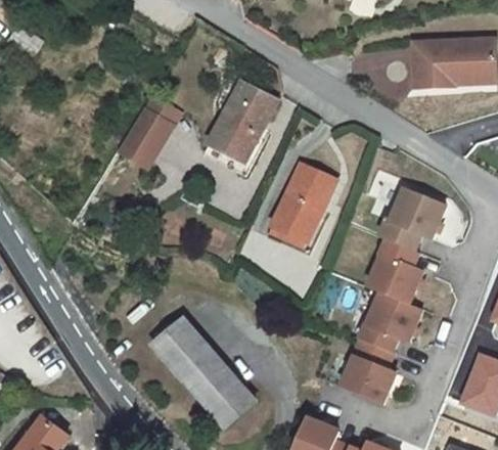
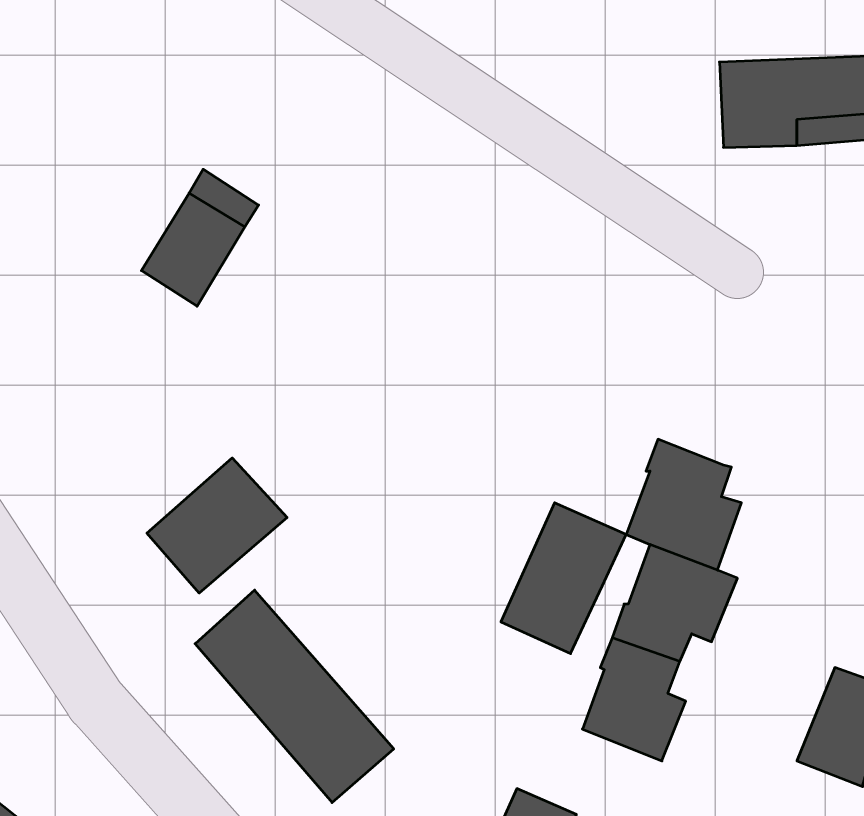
building: [201,80,277,173] -> none
building: [269,163,333,240] -> [501,503,626,654]
building: [378,187,448,250] -> none
building: none -> [147,458,287,593]

